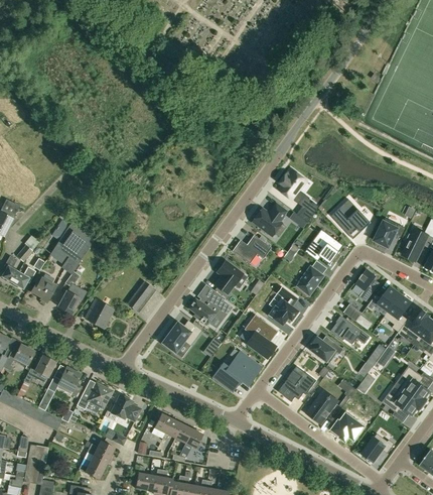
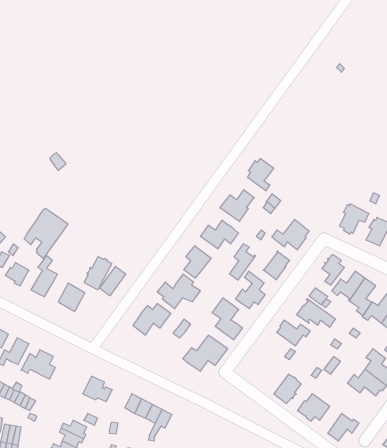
building: [331,204,371,233] -> none
building: none -> [230,244,256,280]
building: none -> [84,256,112,290]
building: [278,369,314,401] -> none
building: [77,382,112,412] -> none

